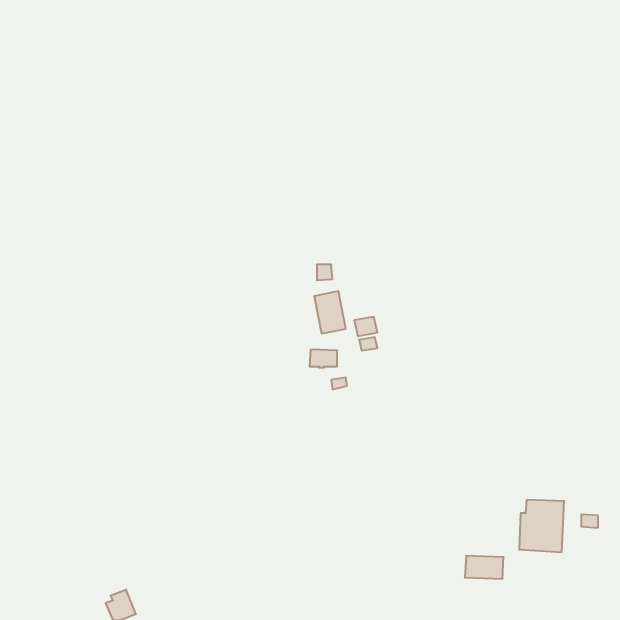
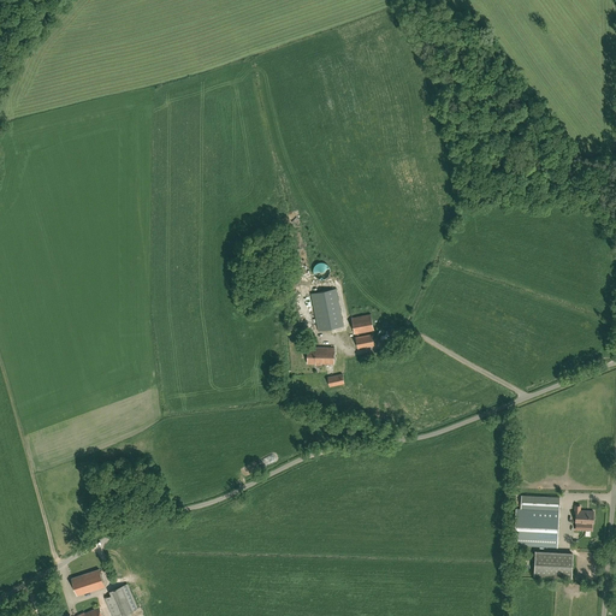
building: [465,556,504,579] -> [534,552,573,575]
building: none -> [72,569,105,596]

